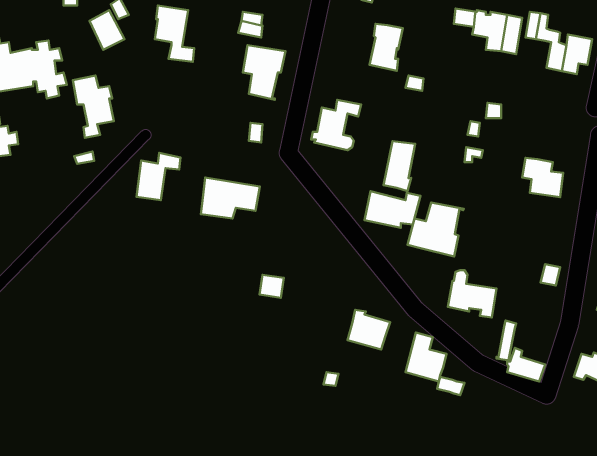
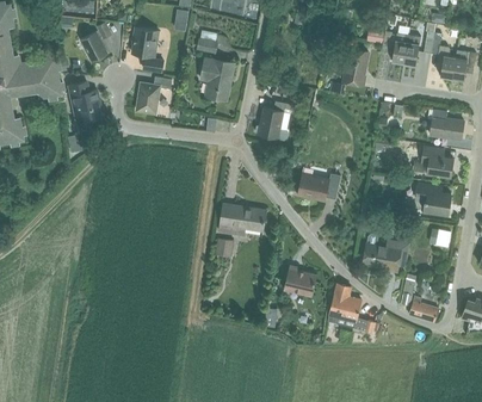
building: [369,24,403,71] -> [342,48,369,85]
building: none -> [431,109,464,138]
building: [383,141,415,191] -> none
building: [137,153,181,200] -> [137,75,172,112]
building: [201,178,260,219] -> [220,203,266,235]
building: [408,203,464,256] -> none
building: none -> [416,183,451,214]

